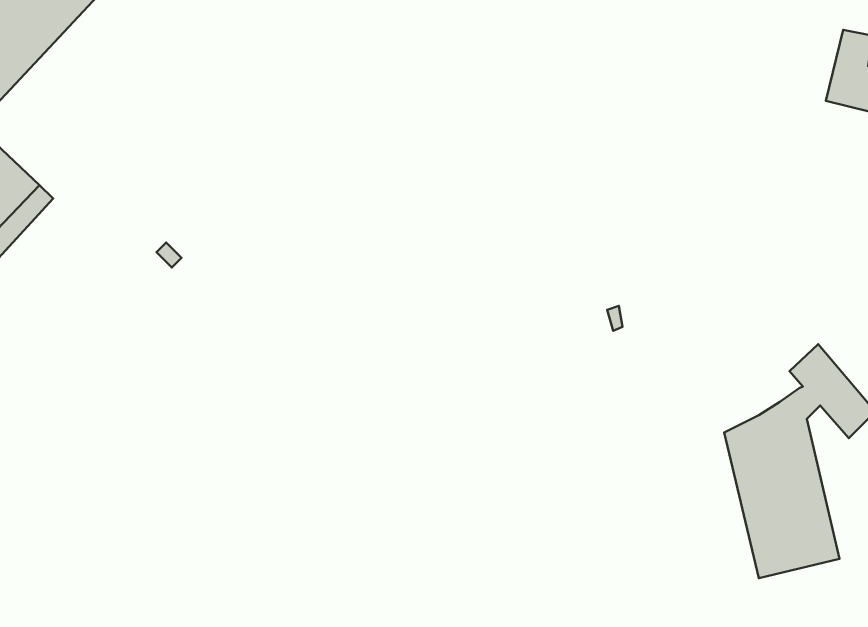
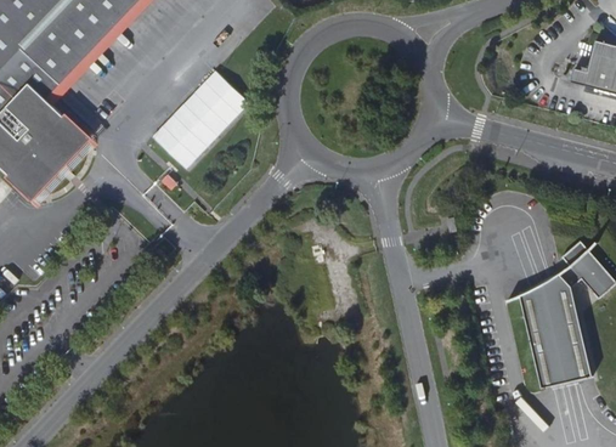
building: none -> [151,70,248,169]

